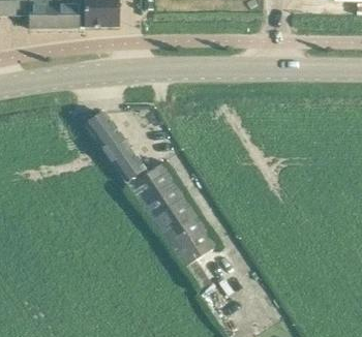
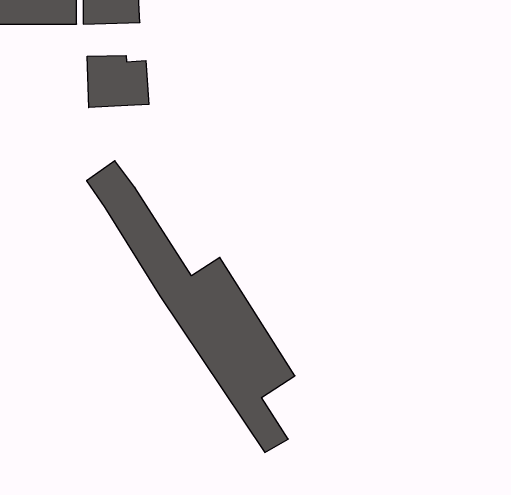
building: none -> [87,56,149,108]

